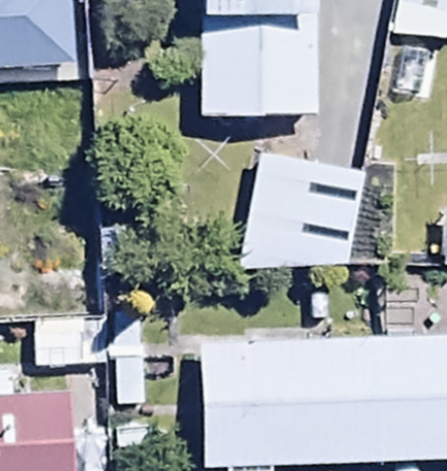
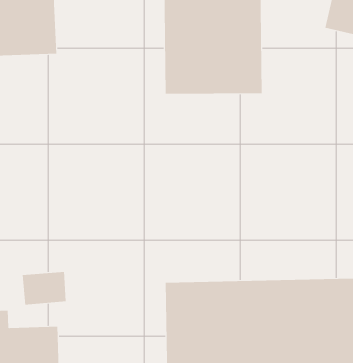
building: [239,153,367,270] -> none

